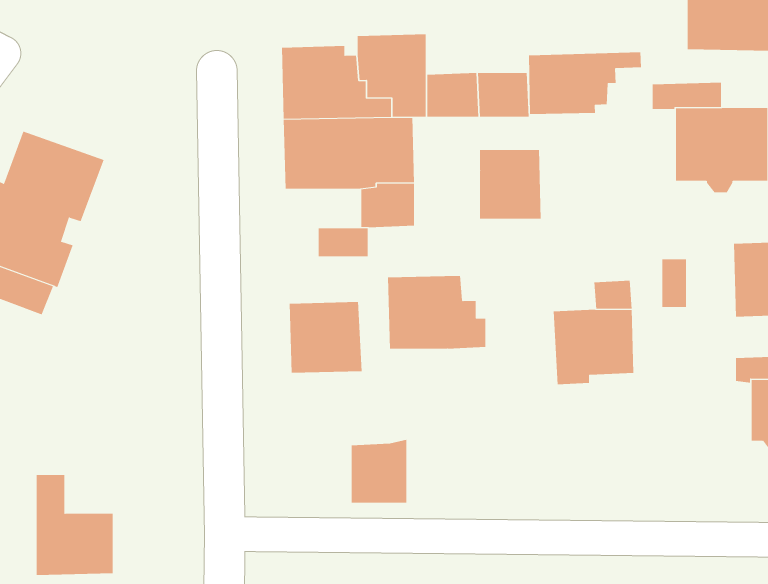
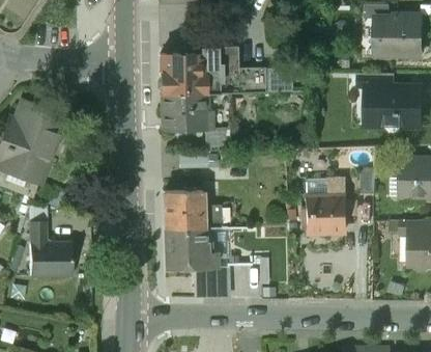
building: [528,52,642,115] -> none
building: [480,149,541,219] -> none
building: [387,275,486,349] -> [165,227,218,267]
building: [36,474,114,575] -> [30,221,71,275]

